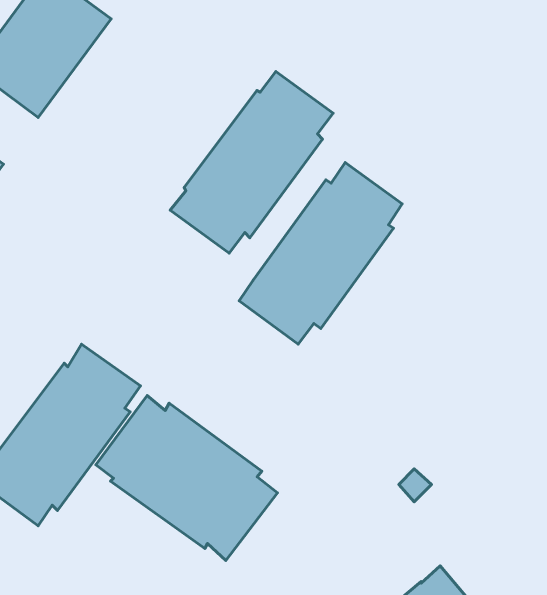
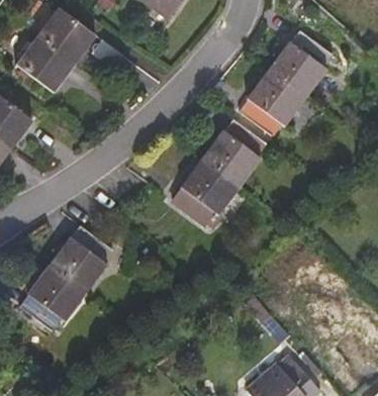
building: [170,72,333,253] -> [238,30,333,136]
building: [96,396,277,560] -> none

